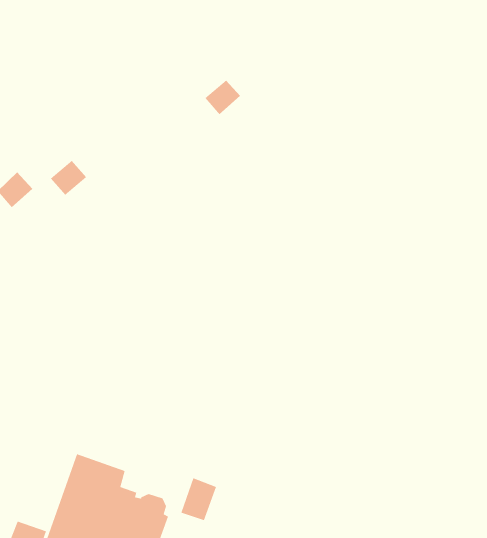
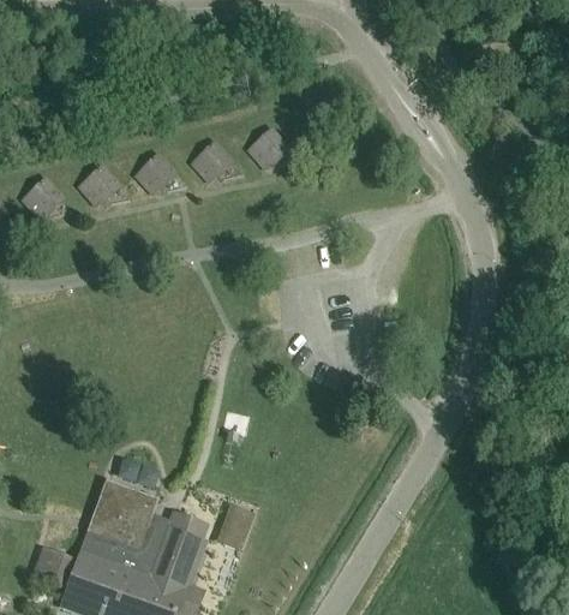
building: [204,80,241,115] -> [248,132,287,169]
building: none -> [192,144,230,183]
building: none -> [136,157,174,195]

